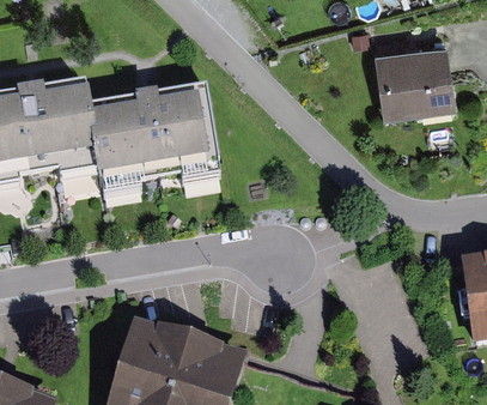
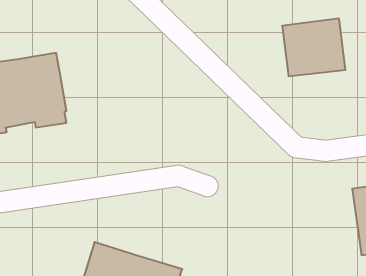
building: [87,86,219,195] -> none

